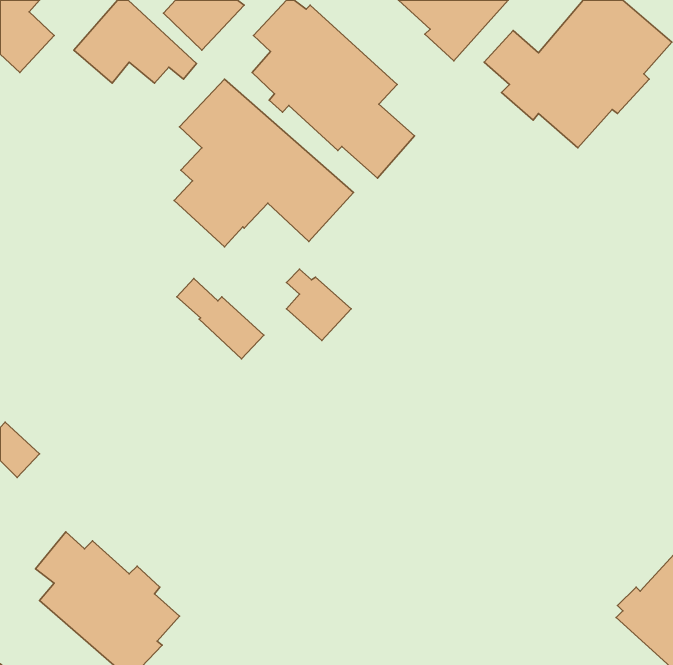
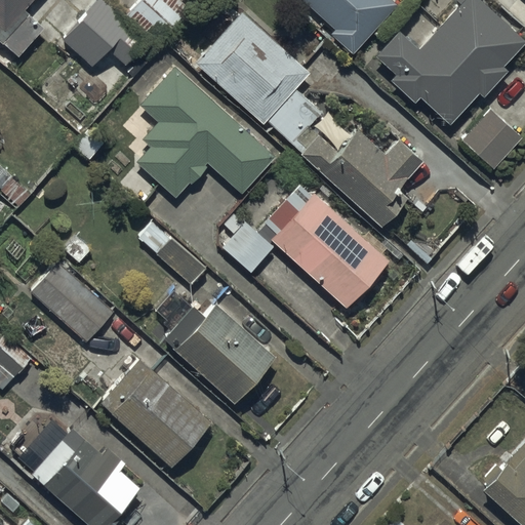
building: none -> [459,110,519,169]
building: none -> [302,126,421,226]
building: none -> [265,185,389,308]
building: none -> [30,262,113,345]
building: none -> [156,291,276,402]
building: none -> [100,360,209,466]

